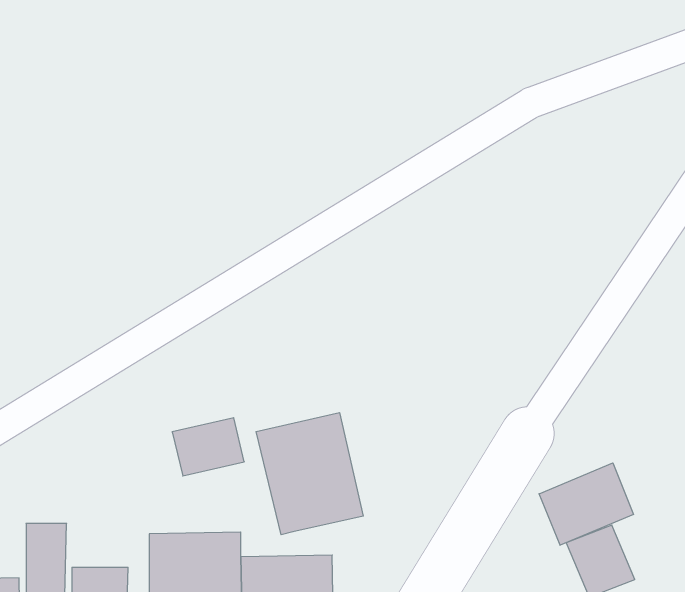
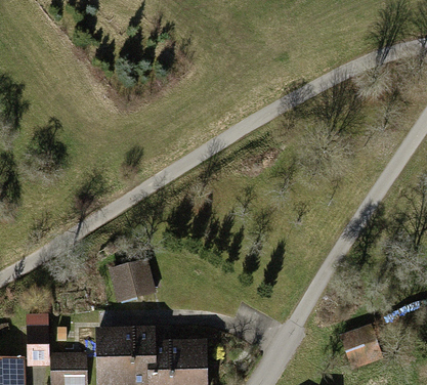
building: [256,413,363,535] -> none
building: [539,463,634,545] -> none

